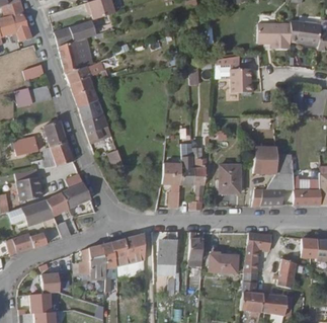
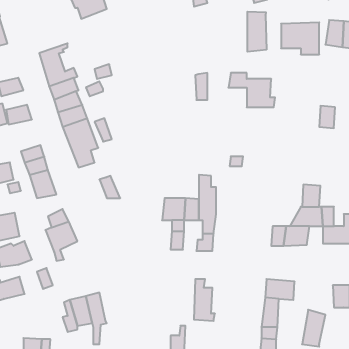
building: none -> [247,12,266,52]
building: [55,18,97,47] -> none
building: [250,154,277,173] -> none
building: [219,165,238,191] -> none
building: [48,192,72,217] -> none
building: [158,233,177,269] -> none
building: [109,236,143,267] -> none
building: [210,256,237,275] -> none

